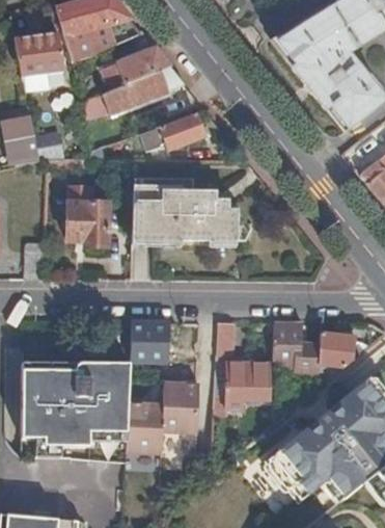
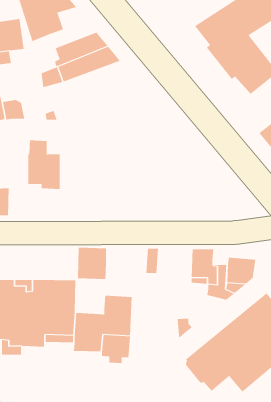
building: [139,112,205,153] -> none
building: [133,180,249,240] -> none
building: [226,361,270,397] -> none

